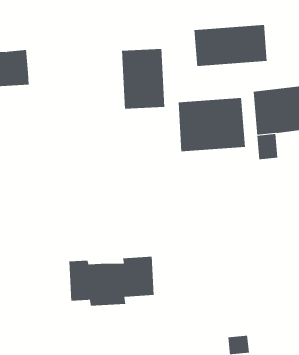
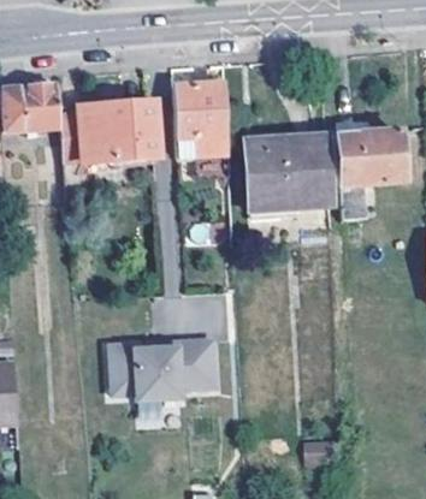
building: [194,24,267,67] -> none
building: none -> [59,103,154,160]

